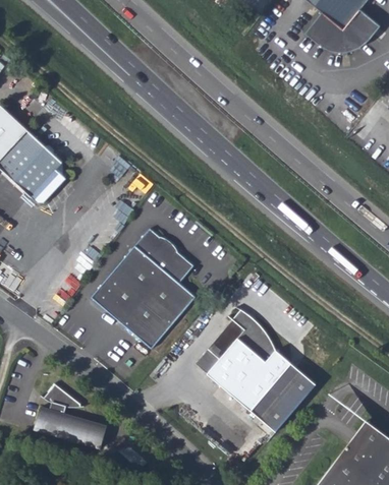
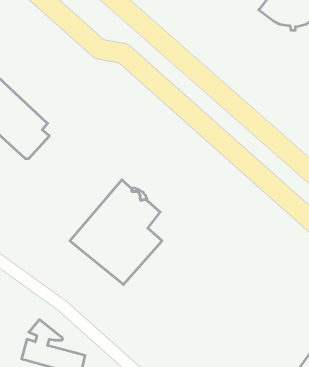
building: [193,312,315,432] -> none

